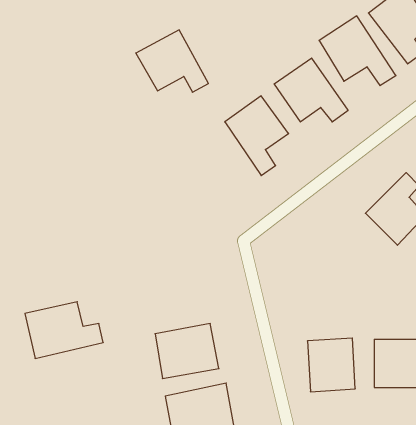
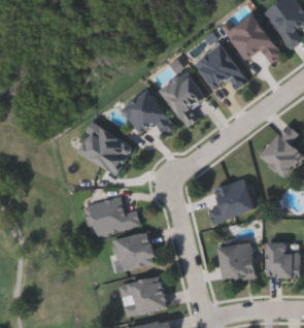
building: [136,30,208,92] -> [122,90,173,134]
building: none -> [74,123,134,173]
building: none -> [208,178,256,224]
building: [25,302,103,358] -> [85,197,140,237]

